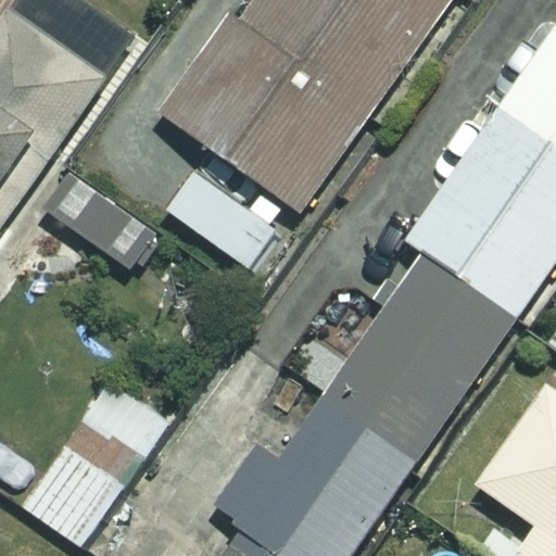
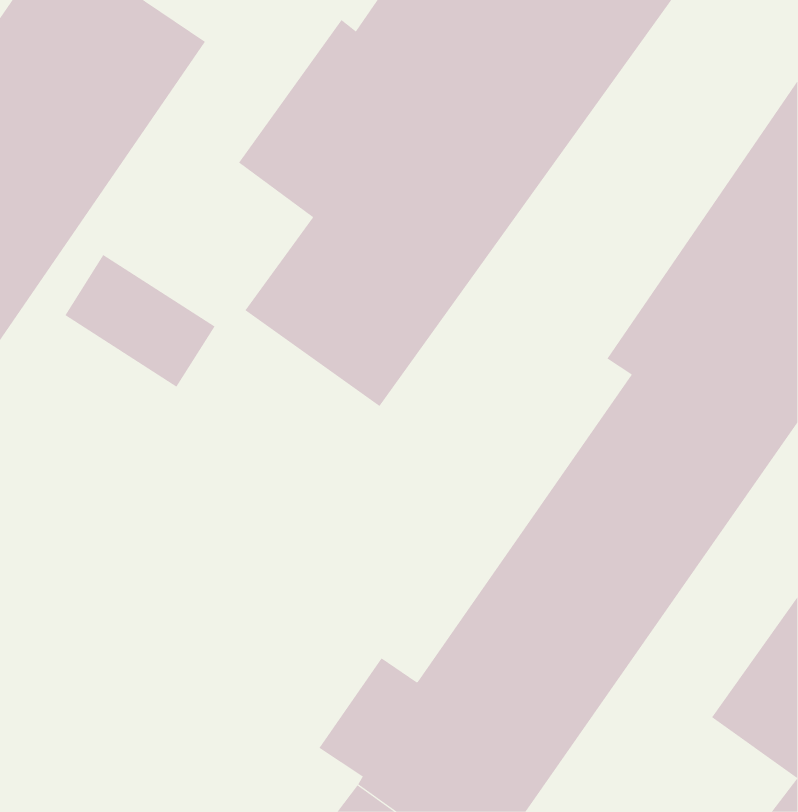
building: [18,375,163,544] -> none

